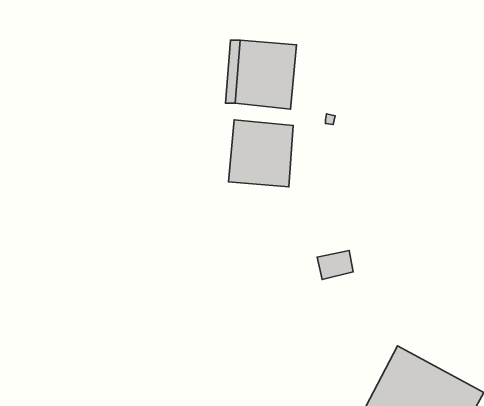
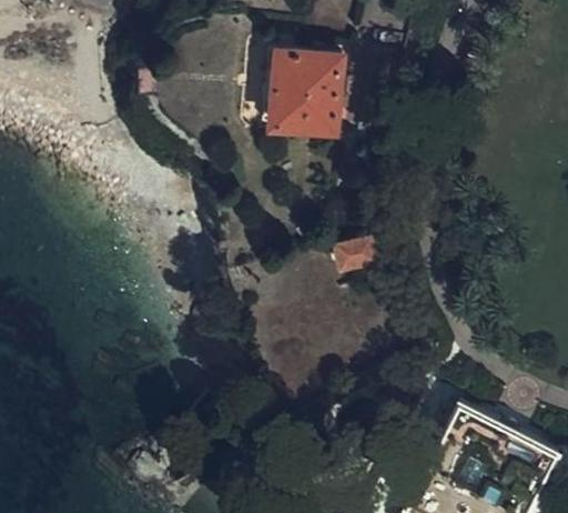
building: [229,120,293,187] -> none
building: [317,250,353,280] -> [341,238,382,271]

